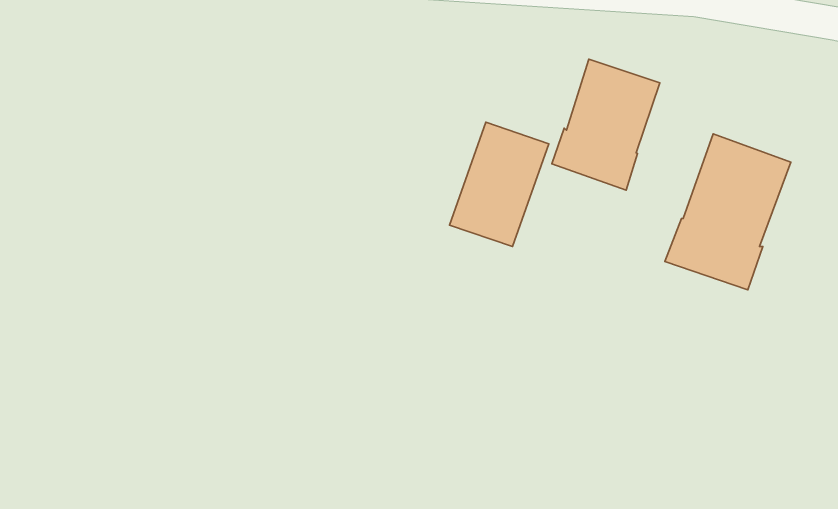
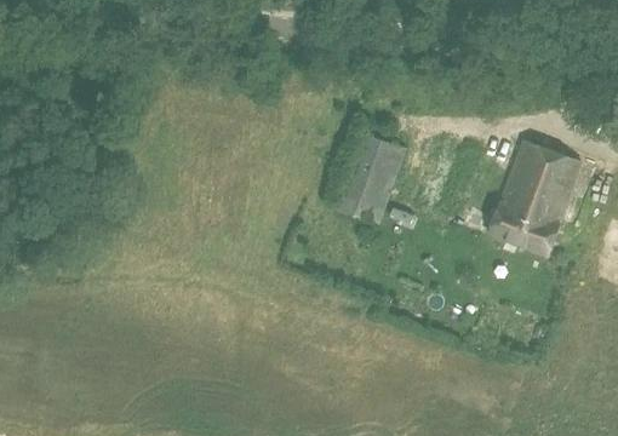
building: [552,59,660,190] -> none

